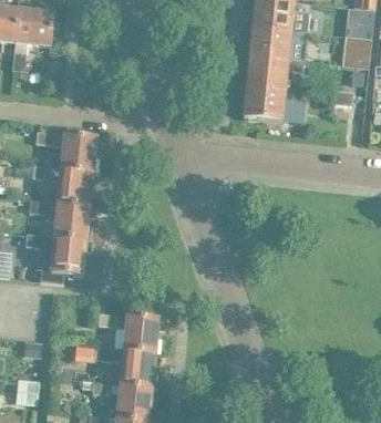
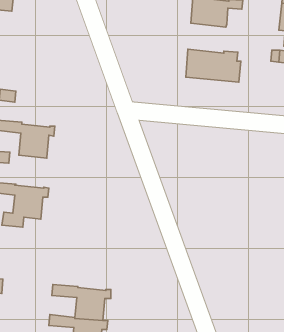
building: [245,58,302,91] -> none
building: [61,134,101,173] -> none
building: [53,204,94,240] -> none
building: [97,312,163,353] -> none

